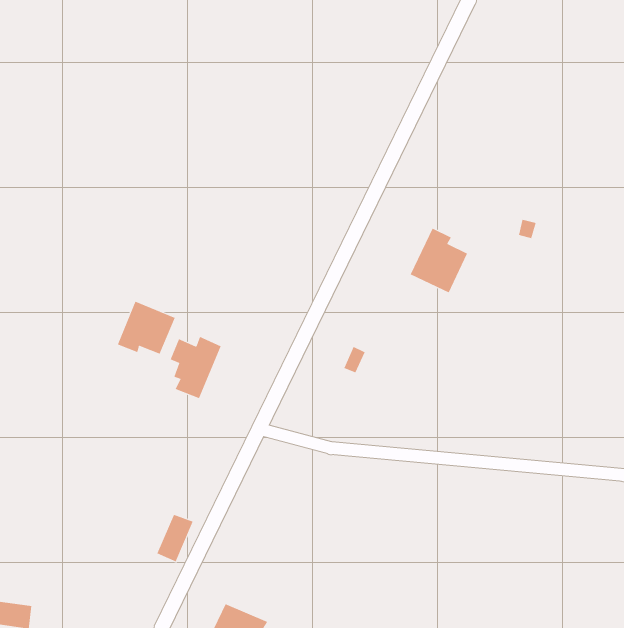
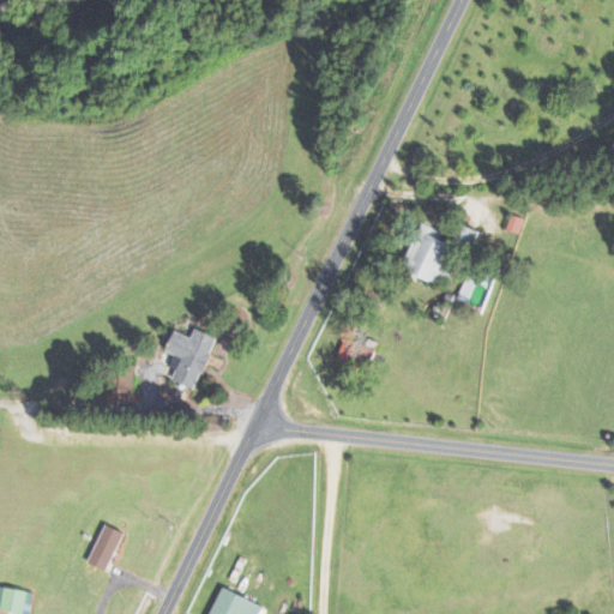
building: [117,301,175,354] -> none
building: [156,514,193,562] -> [86,525,122,572]

